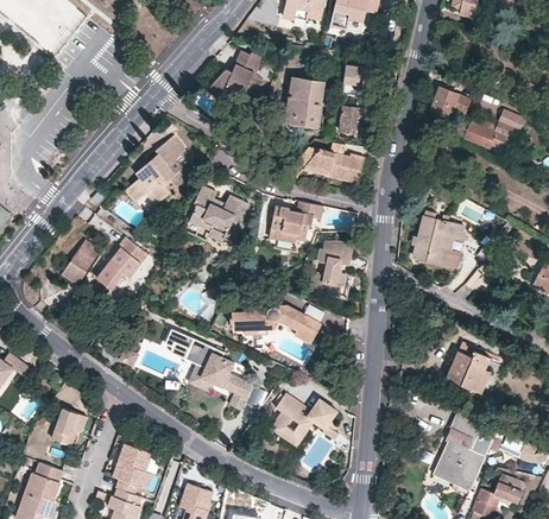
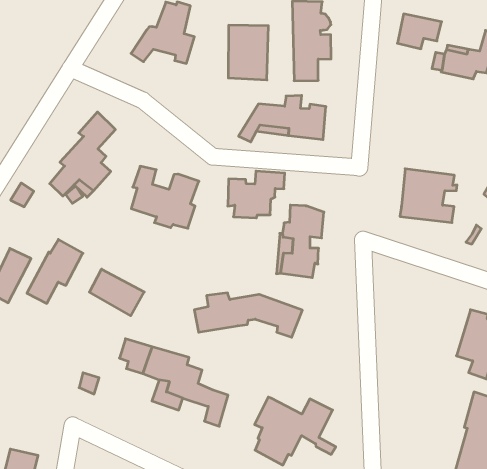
building: none -> [89,269,144,316]

